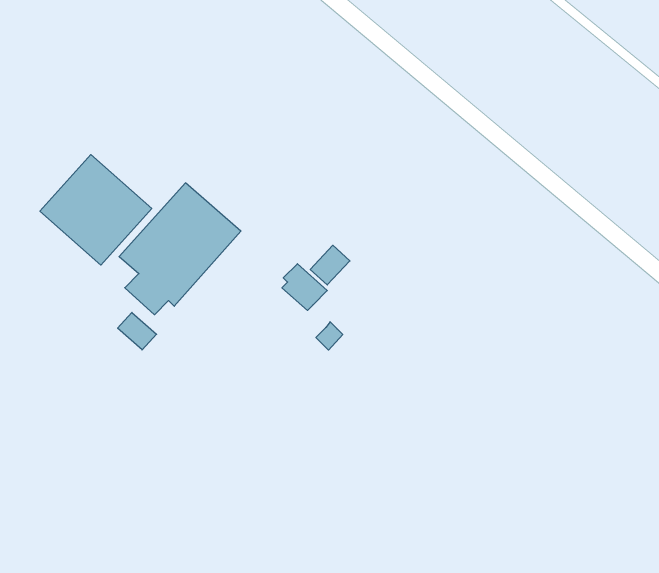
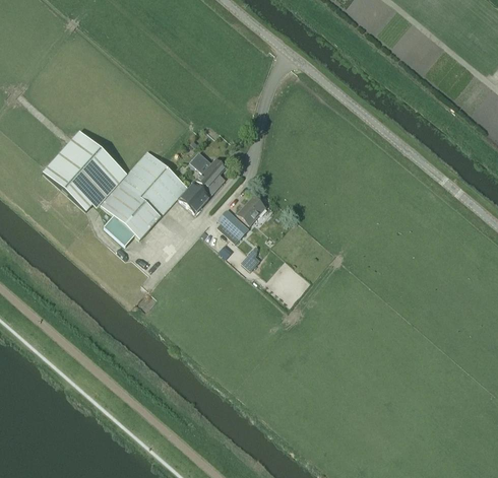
building: none -> [180,157,227,212]
building: [118,312,157,350] -> none

